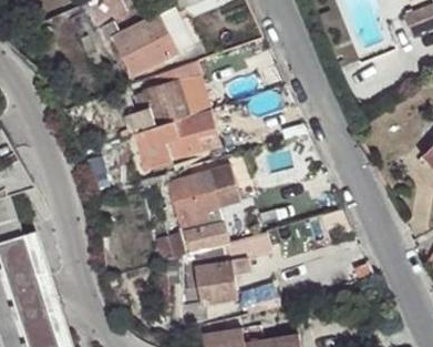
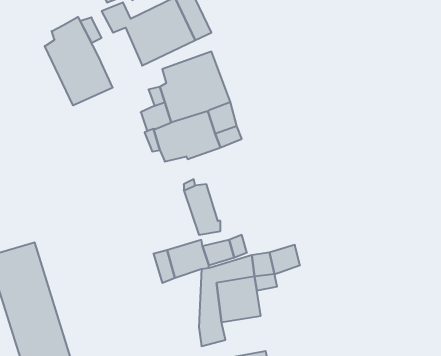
building: none -> [45,17,113,105]
building: [187,171,231,214] -> none

